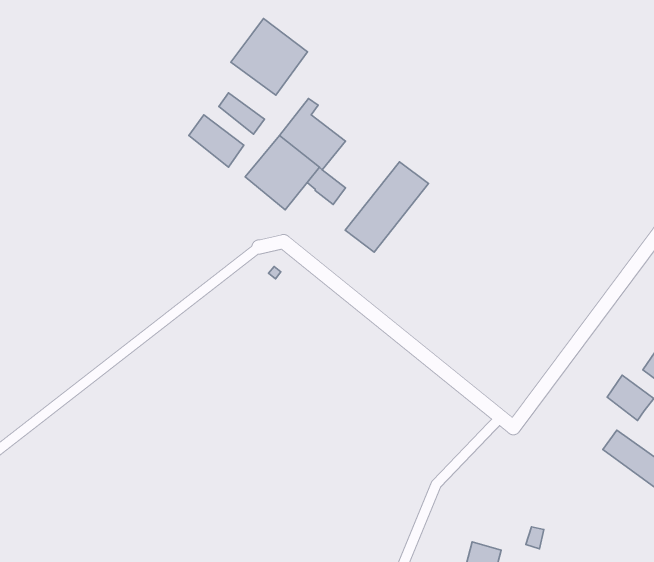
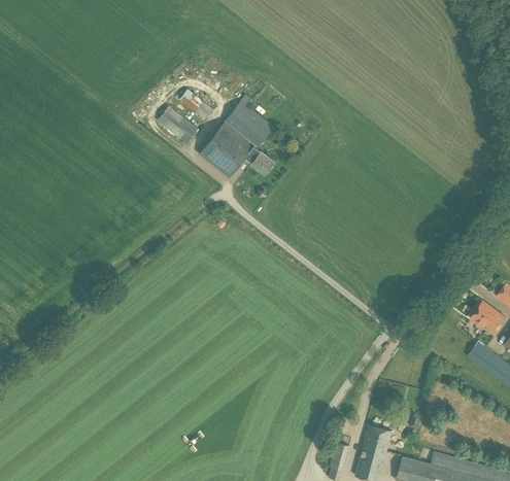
building: [231,18,307,95] -> none
building: [345,162,428,252] -> none

